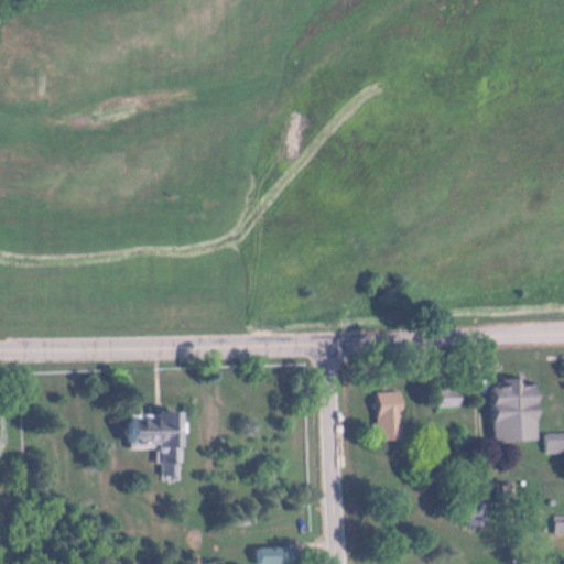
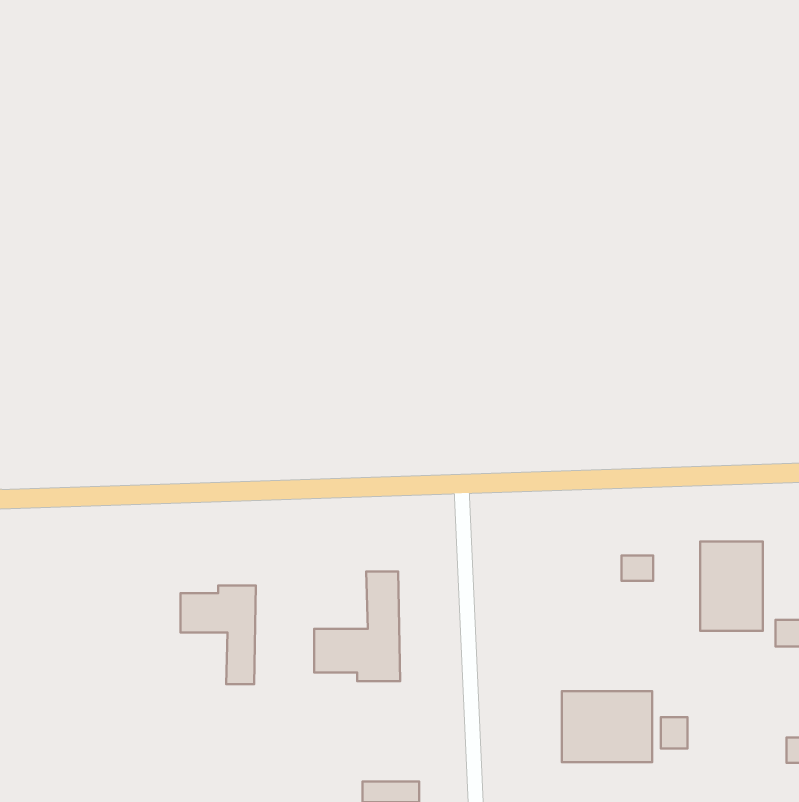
building: [376,392,402,442] -> none
building: none -> [314,571,400,681]
building: none -> [562,691,652,762]

